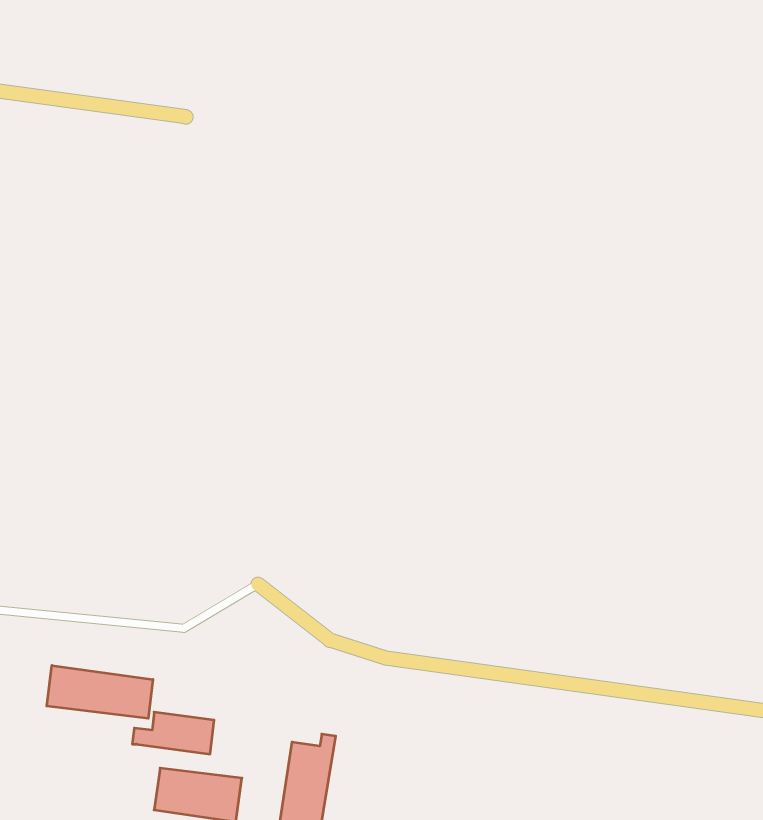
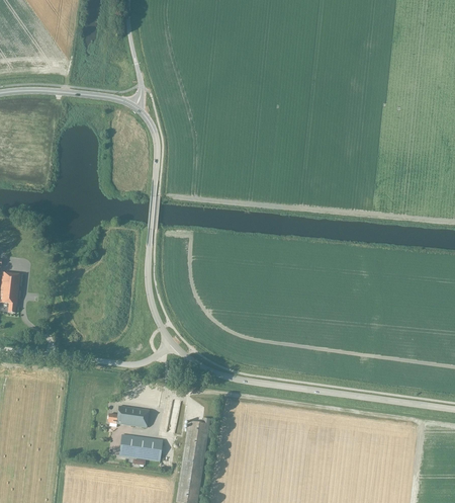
building: [47,665,153,718] -> none

